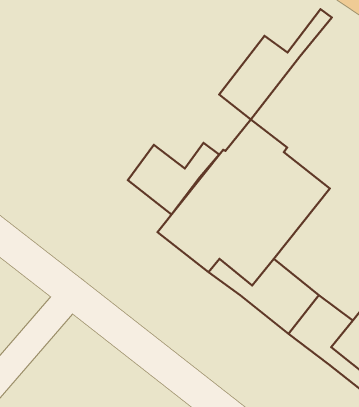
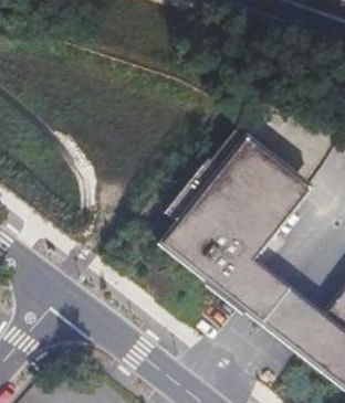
building: [219,9,332,119] -> none
building: [128,143,219,215] -> none

